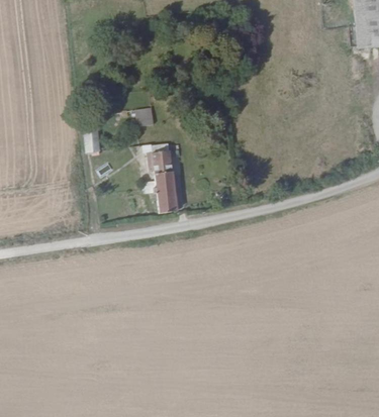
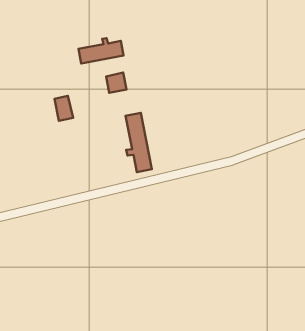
building: none -> [79,38,124,64]

